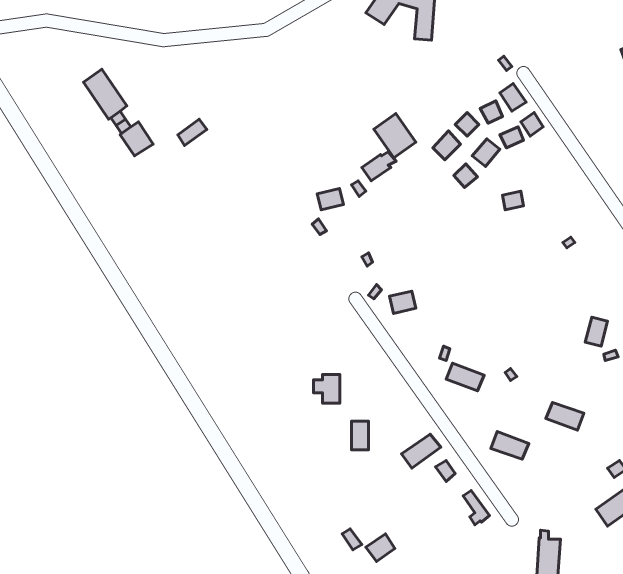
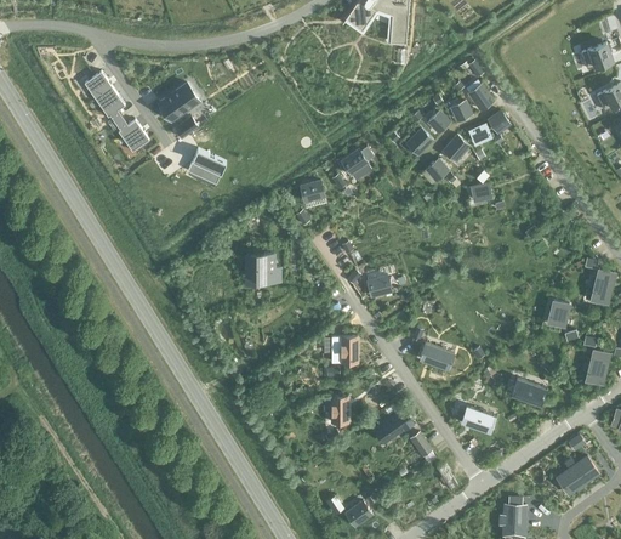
building: none -> [159,83,198,119]
building: [374,113,416,158] -> none
building: none -> [187,148,226,183]
building: none -> [246,253,279,280]
building: [313,374,340,403] -> [332,336,357,363]

